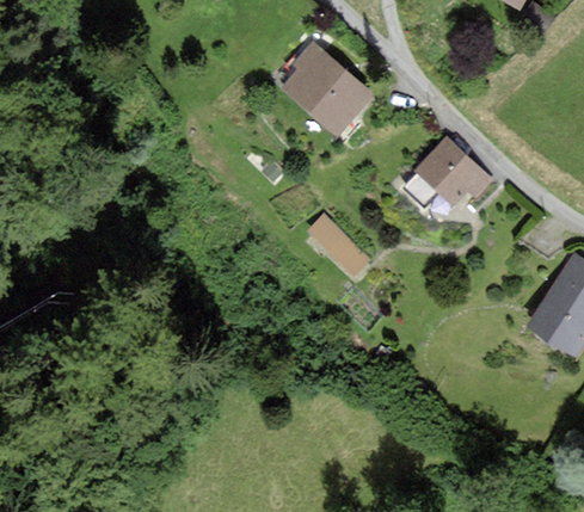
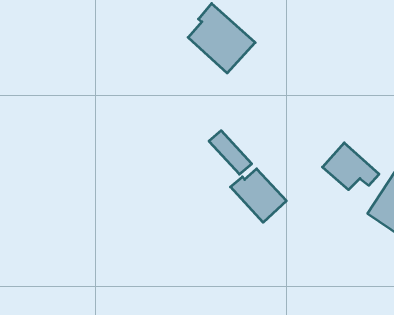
building: [417,137,494,202] -> [322,143,379,190]
building: none -> [230,169,286,222]

